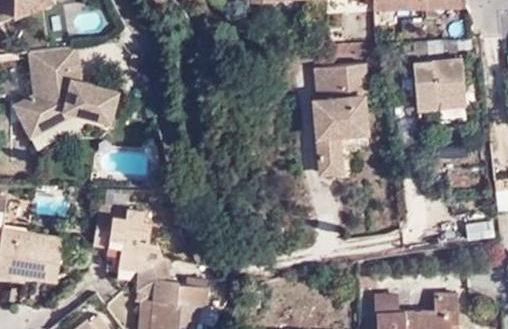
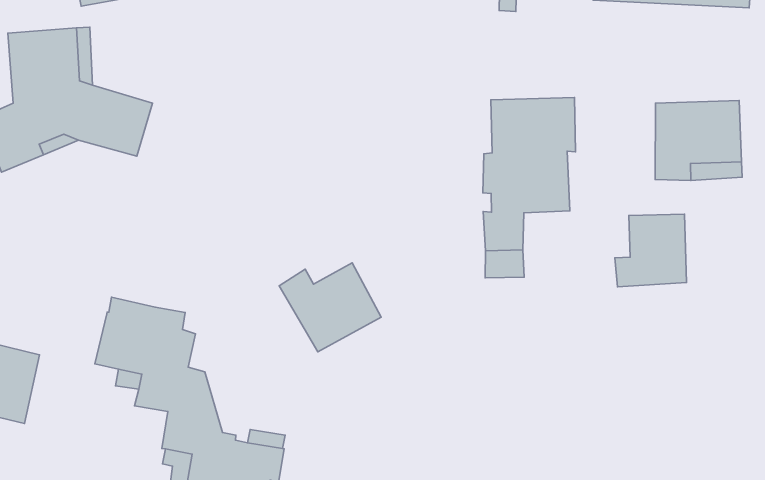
building: none -> [615,214,687,287]
building: none -> [279,263,381,352]

